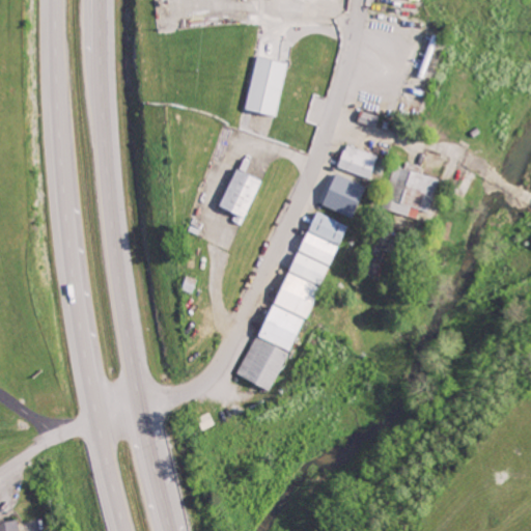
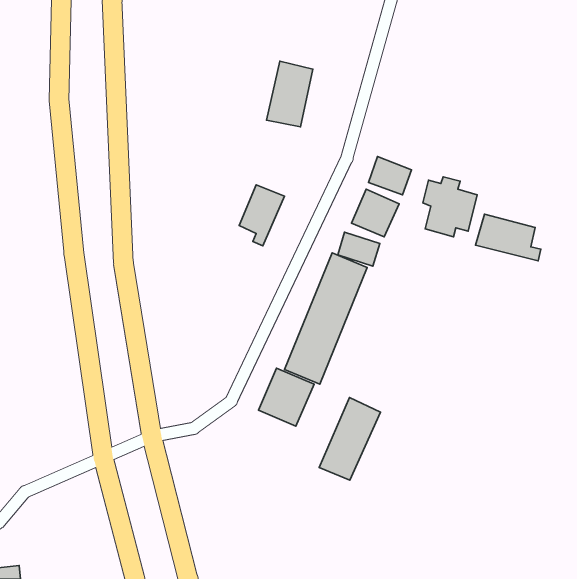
building: none -> [476,214,541,261]
building: none -> [319,397,380,480]

